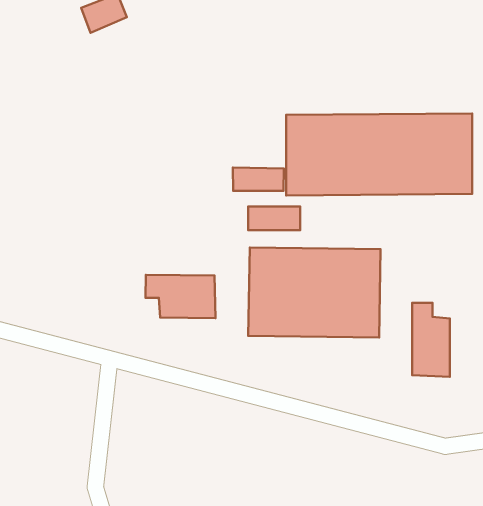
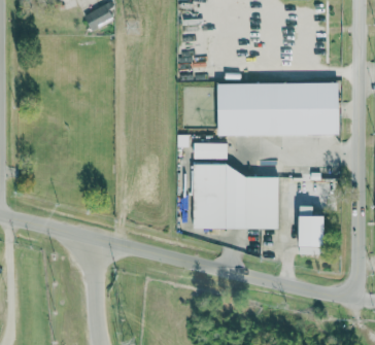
building: [233,167,284,191] -> none
building: [145,275,216,318] -> none

